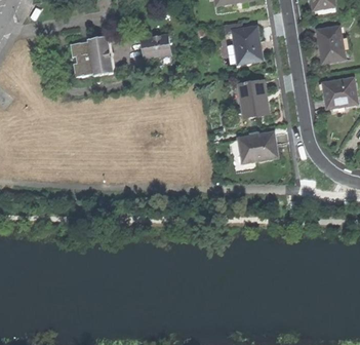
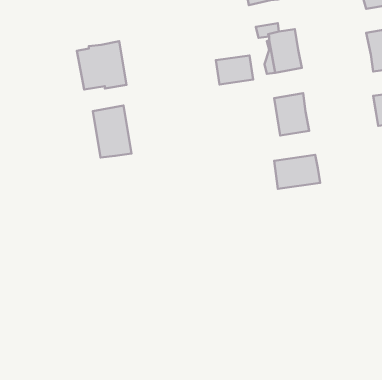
building: [141,34,172,59] -> [216,55,253,84]
building: none -> [93,106,131,158]

